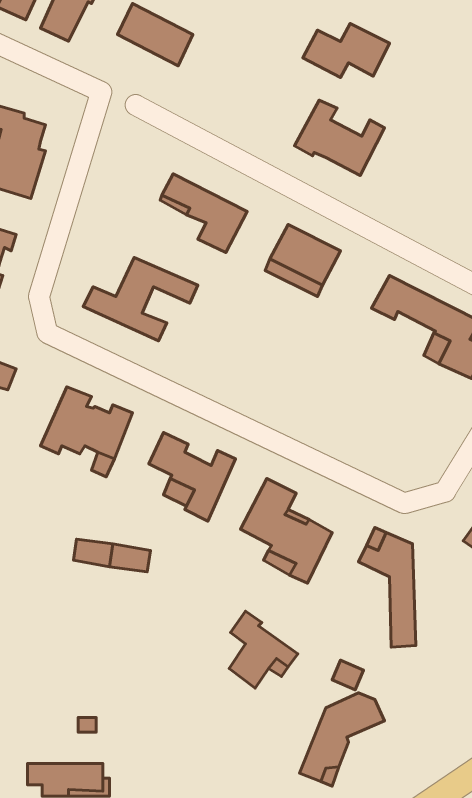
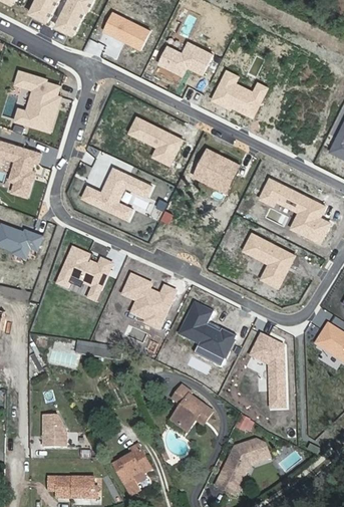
building: [303,24,390,78] -> [157,42,211,75]
building: none -> [243,233,293,287]
building: none -> [42,414,65,446]
building: none -> [112,444,150,495]

